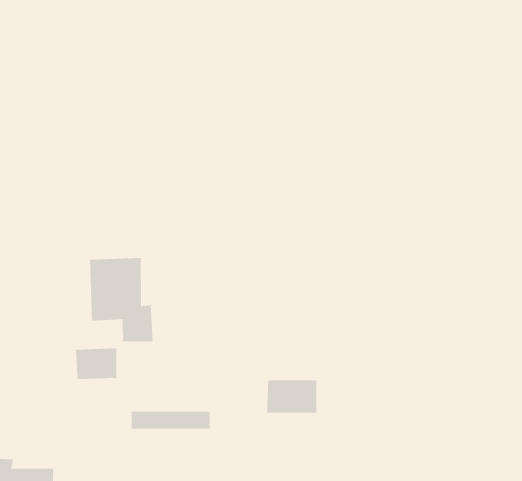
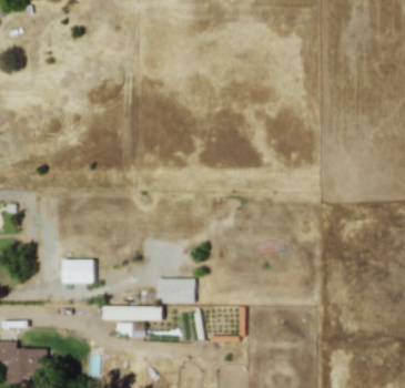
building: [89,257,153,342] -> none
building: [266,380,317,413] -> [156,278,194,303]

